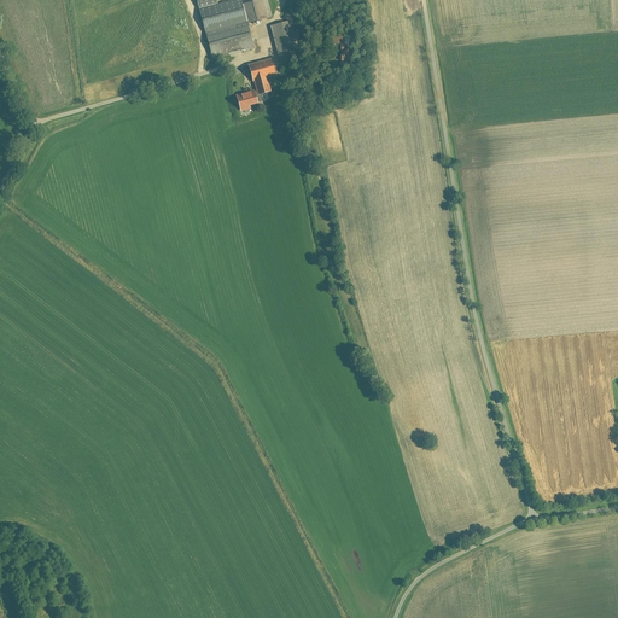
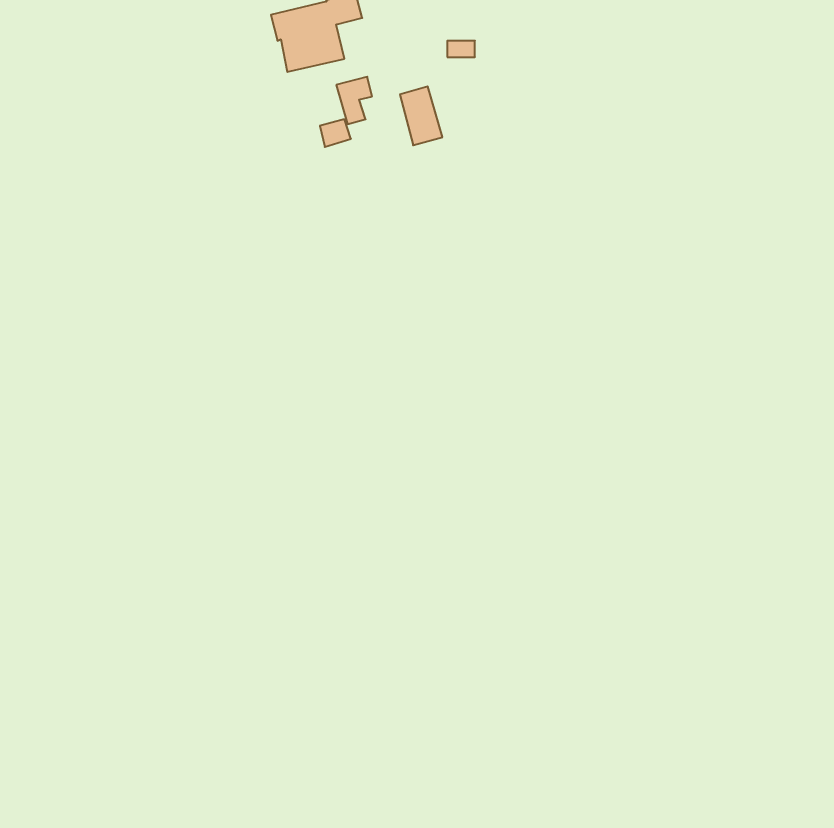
building: [270,16,302,59] -> [400,86,442,145]

